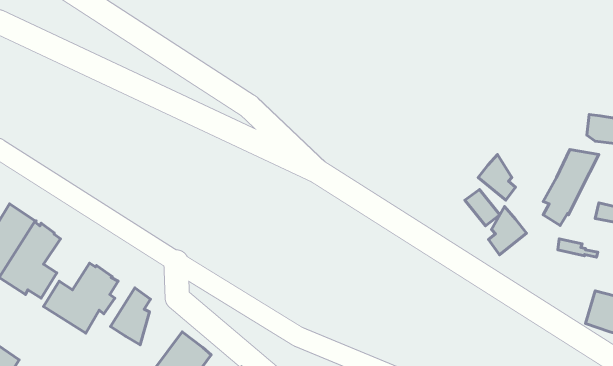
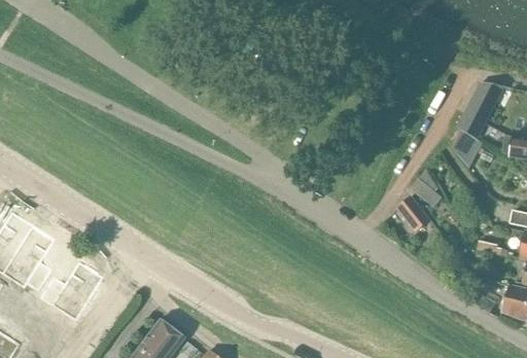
building: [543,150,599,226] -> [456,83,503,148]
building: [489,206,527,255] -> none
building: [111,288,150,345] -> none

